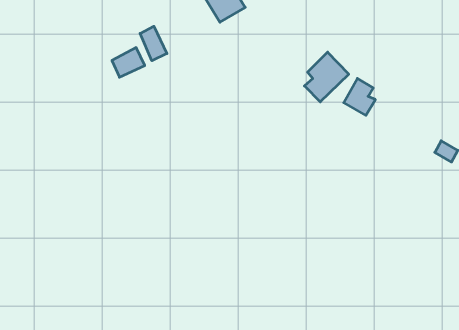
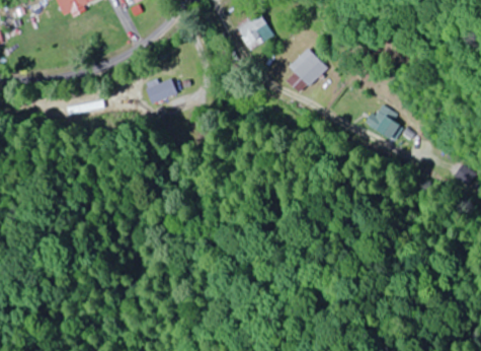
building: [140,26,167,61] -> none
building: [304,52,349,102] -> [284,47,326,94]

